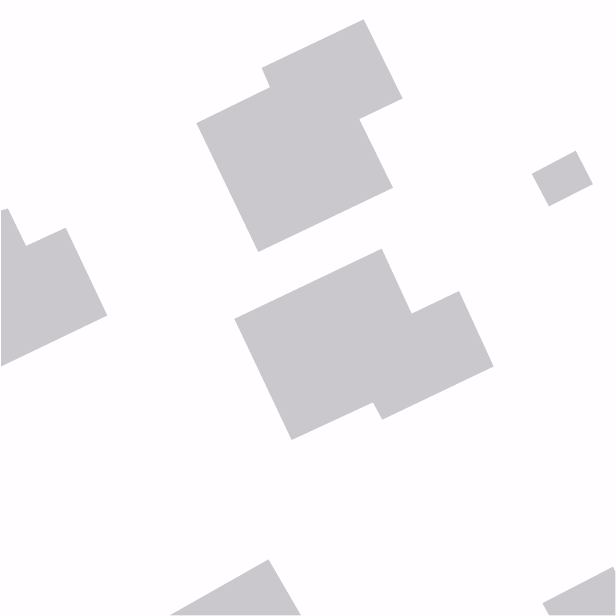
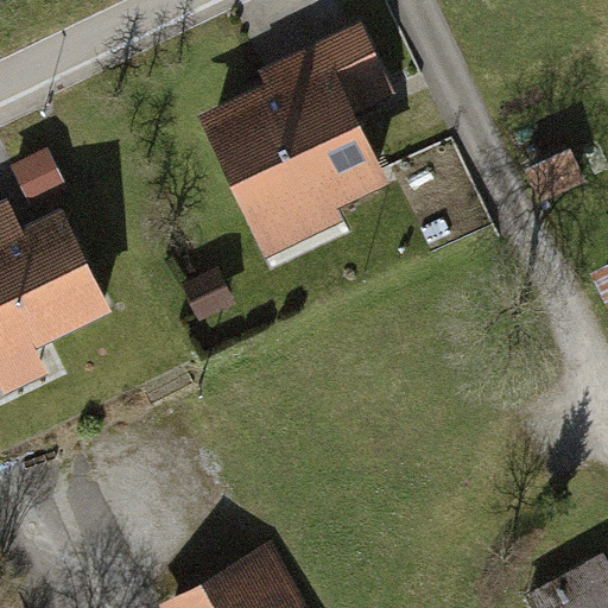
building: [233,247,495,441] -> none

